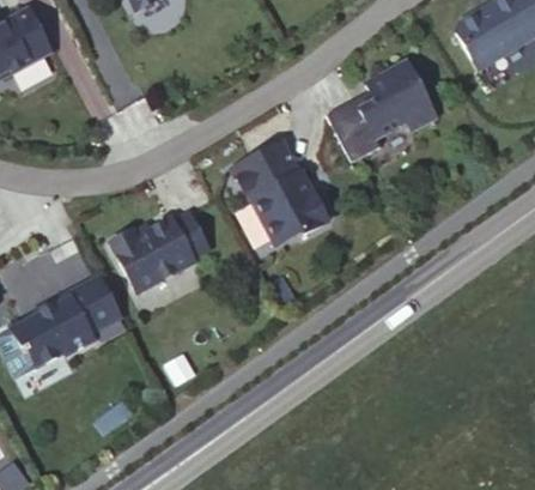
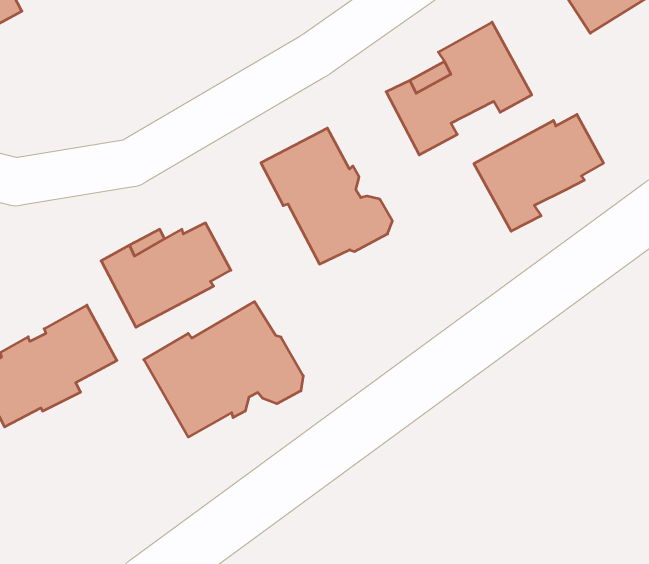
building: none -> [474,114,603,231]
building: none -> [144,302,303,437]

